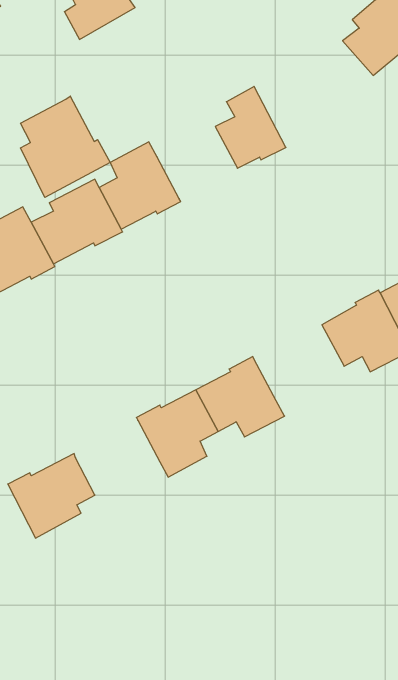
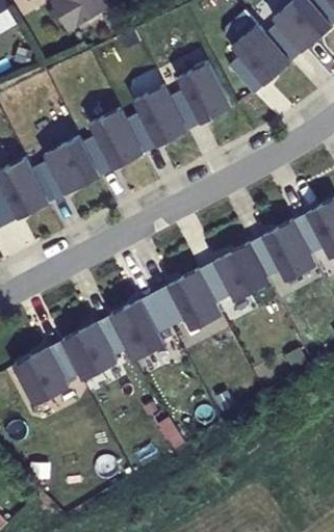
building: none -> [229,23,290,91]
building: [20,96,110,197] -> none
building: none -> [126,85,187,151]
building: none -> [199,242,269,302]
building: none -> [61,317,128,379]

